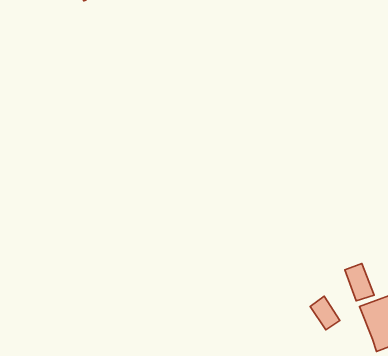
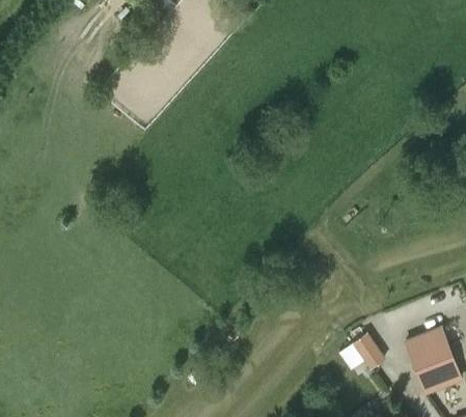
building: [345,263,374,301] -> none

